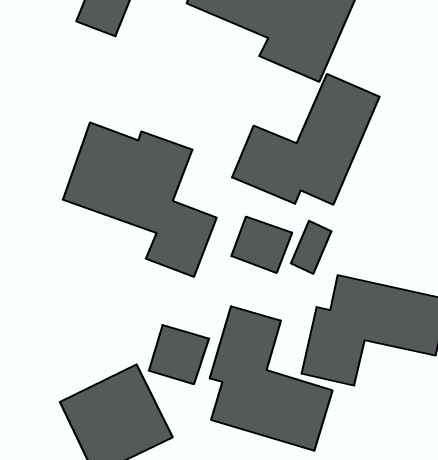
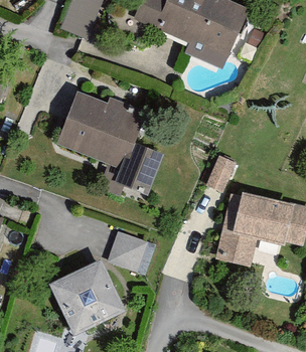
building: [232,74,380,205] -> none
building: [231,217,292,273] -> none
building: [210,306,332,451] -> none

